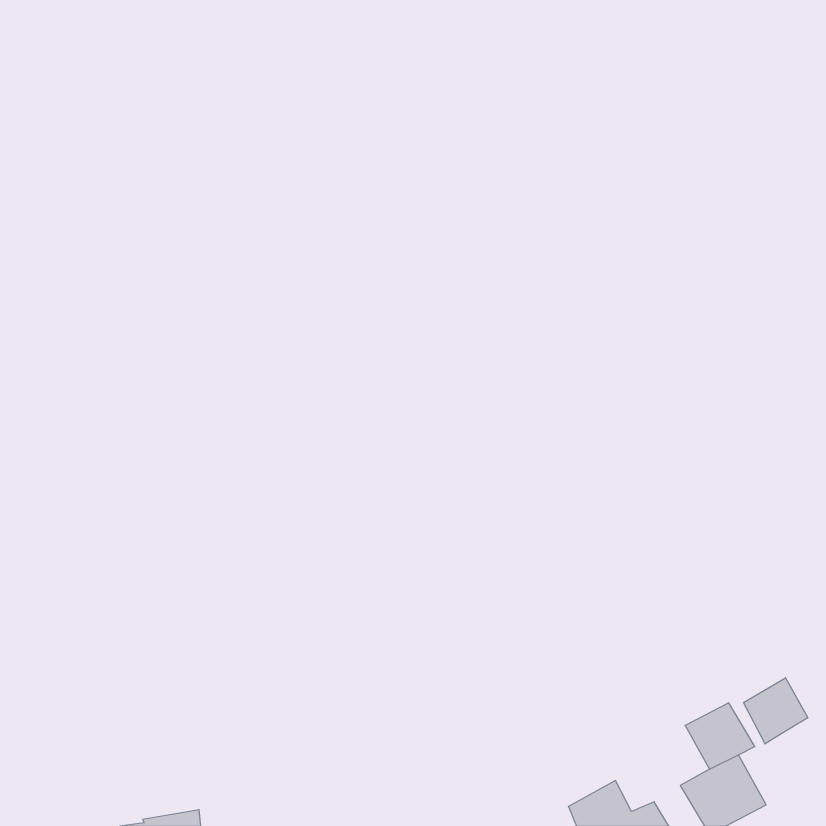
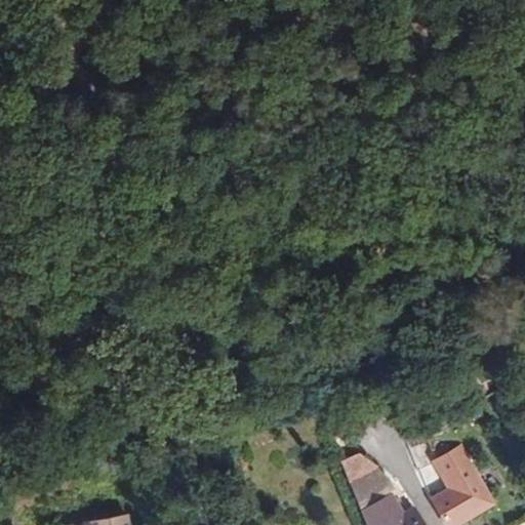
building: [744,678,808,744] -> none
building: none -> [349,467,393,508]

